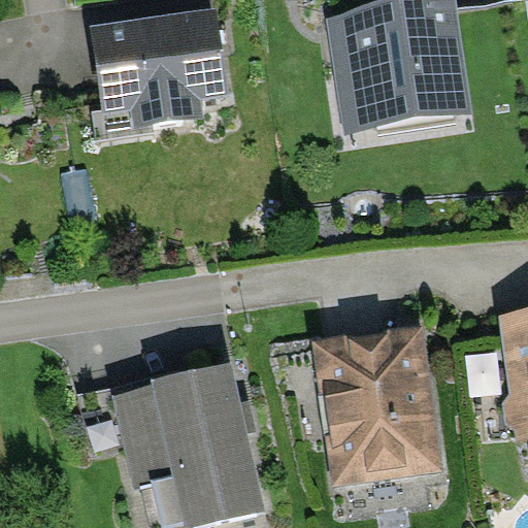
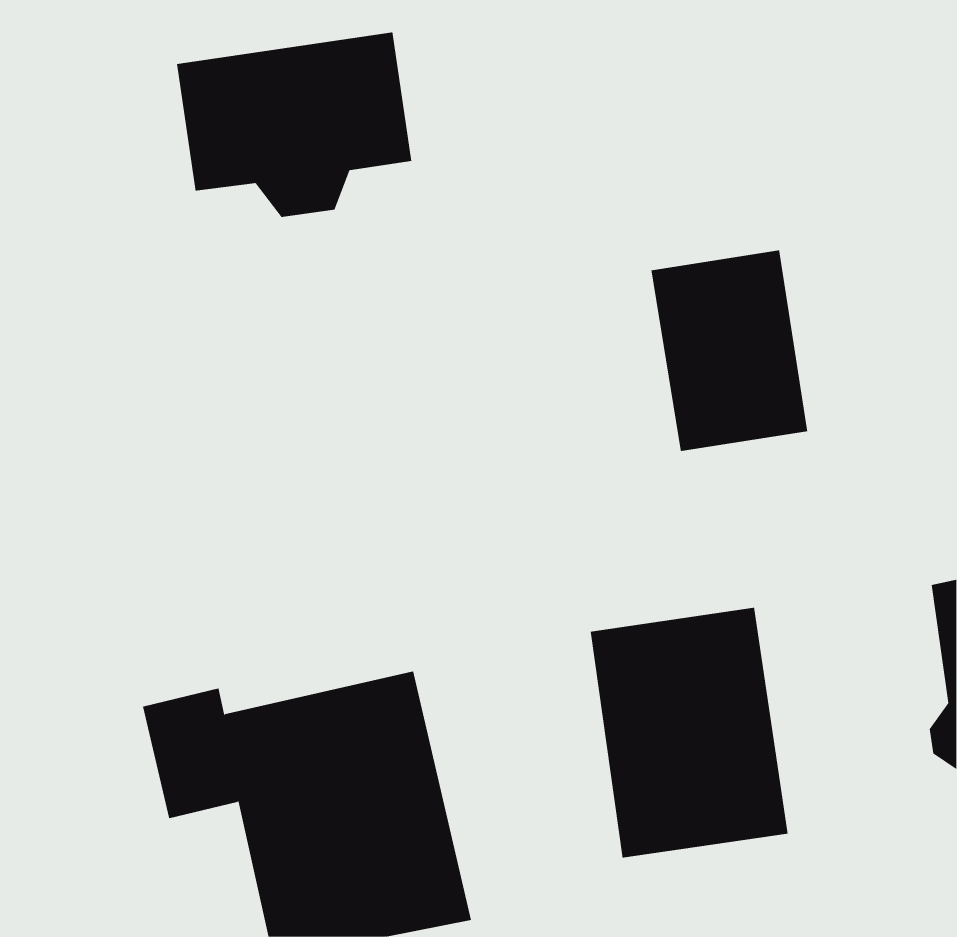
building: [348,4,462,118] -> none
building: none -> [651,249,808,452]

